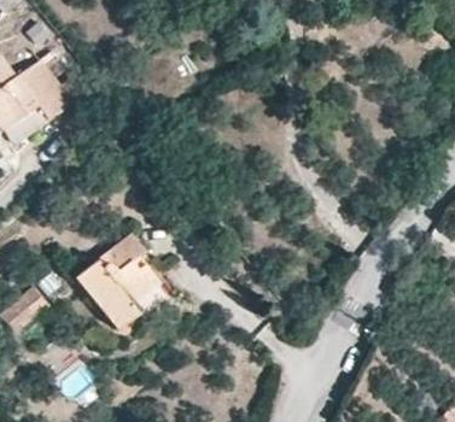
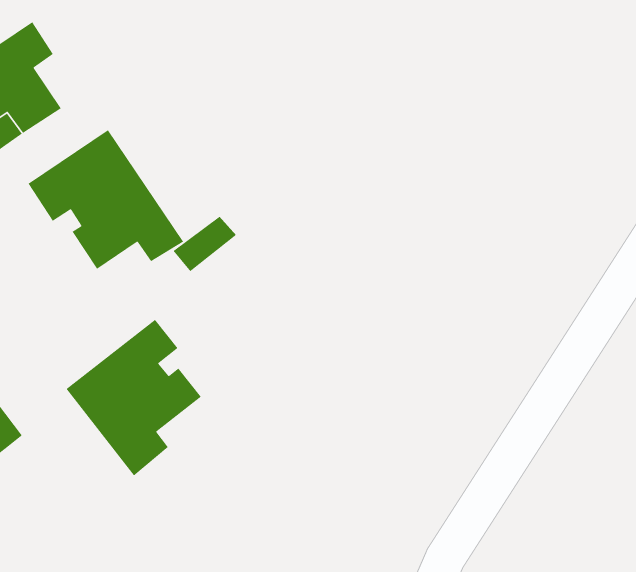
building: none -> [27,129,184,270]

